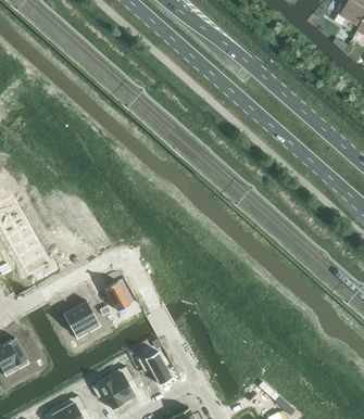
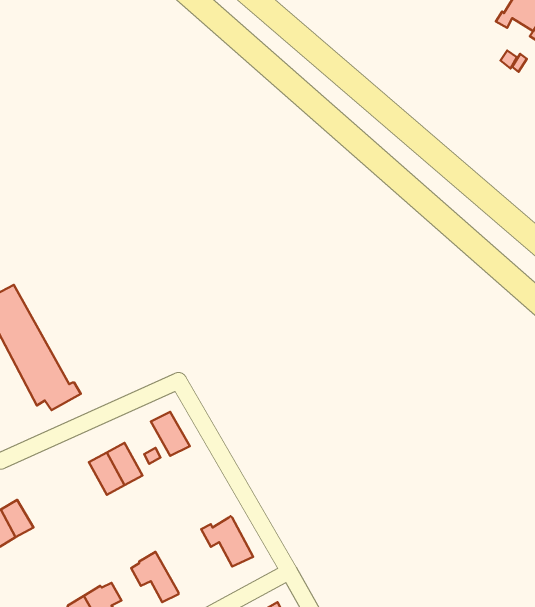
building: [108,366,135,402] -> none

